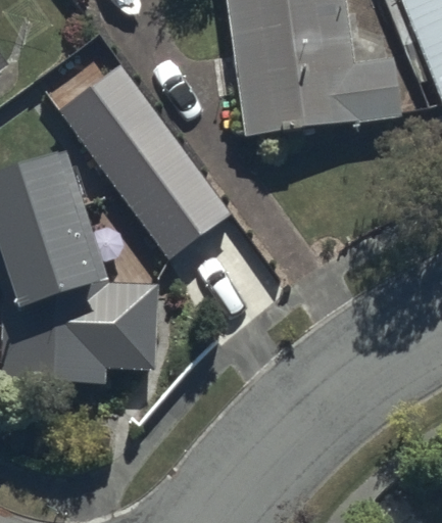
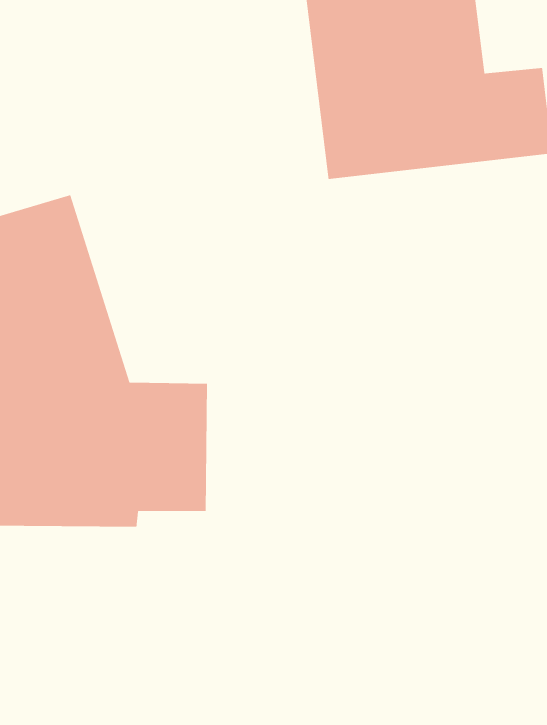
building: [60,65,232,259] -> none

